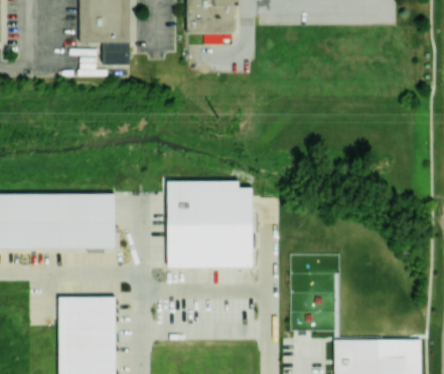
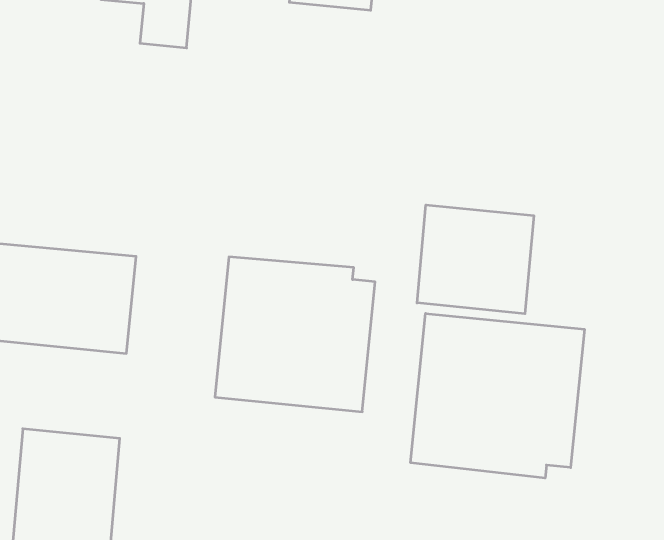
building: none -> [417,205,534,314]
building: none -> [411,313,584,478]

